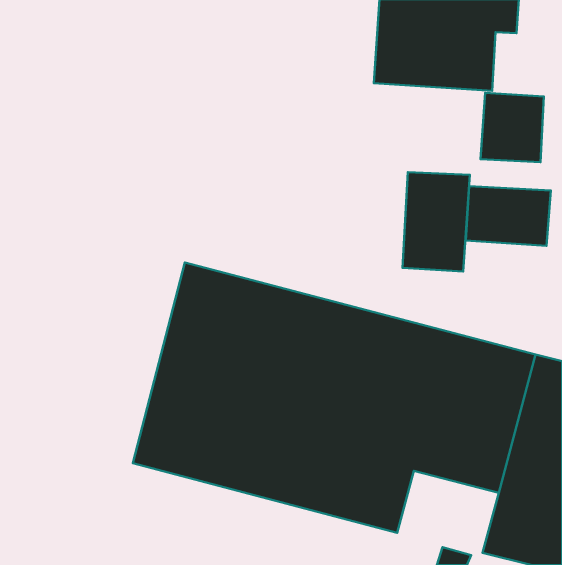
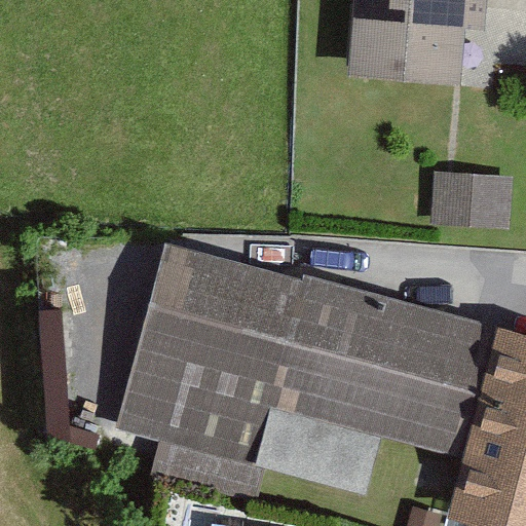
building: [480,93,544,162] -> none
building: [403,172,470,271] -> none

